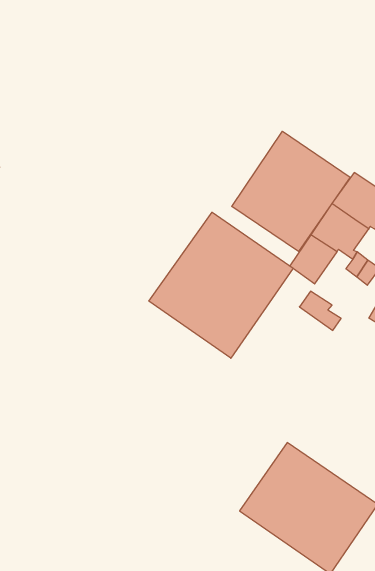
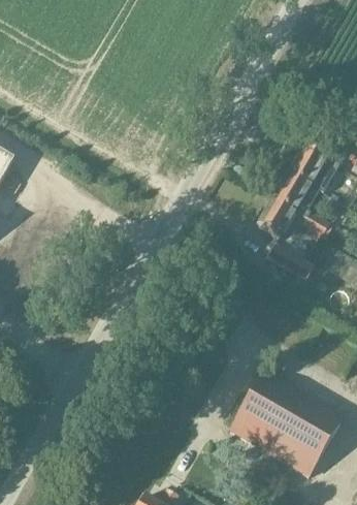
building: [232,131,350,251] -> none
building: [149,212,293,358] -> none

